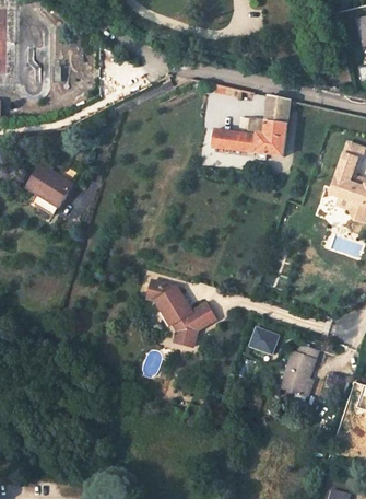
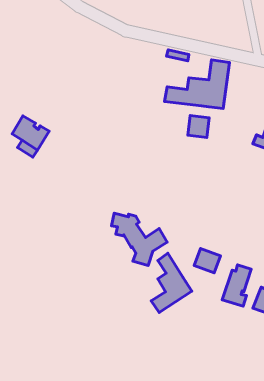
building: none -> [188,116,209,137]
building: none -> [151,253,192,312]

